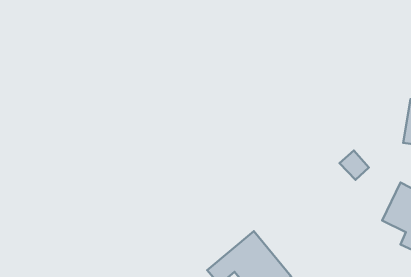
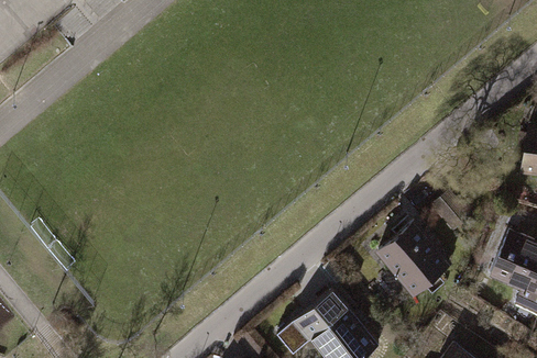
building: none -> [377,220,459,301]

